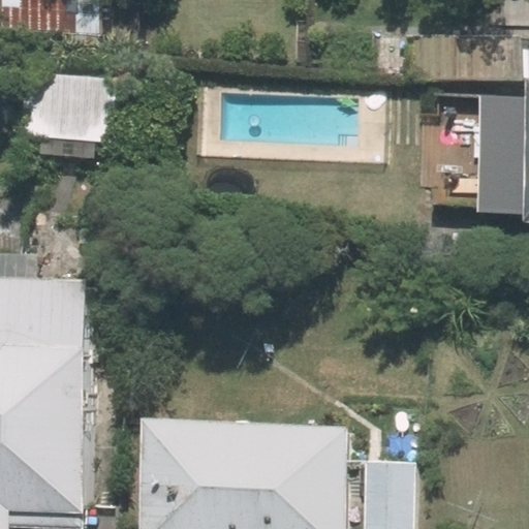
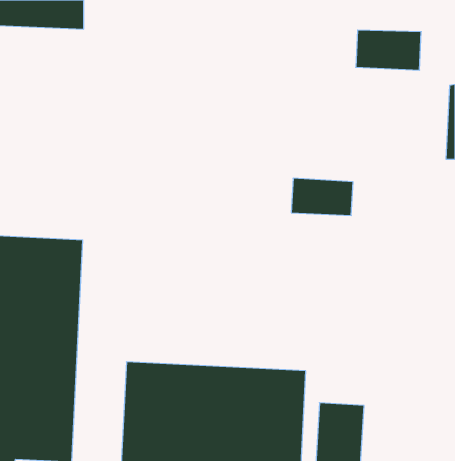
building: [18,72,110,158] -> none

